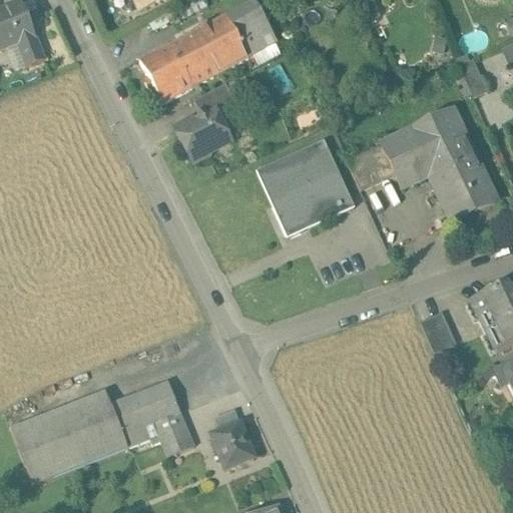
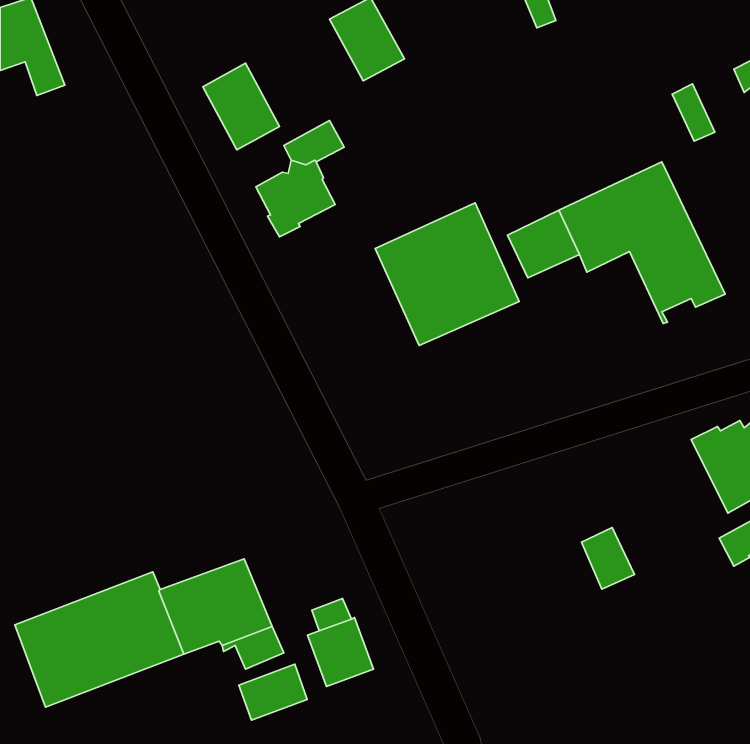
building: [168,13,248,86] -> none
building: [421,311,457,353] -> [581,528,634,589]
building: none -> [239,664,307,720]

